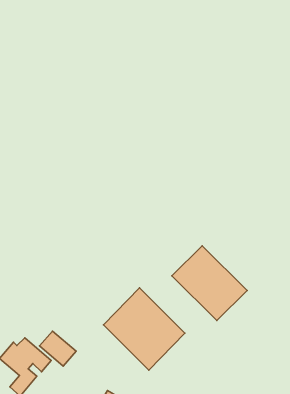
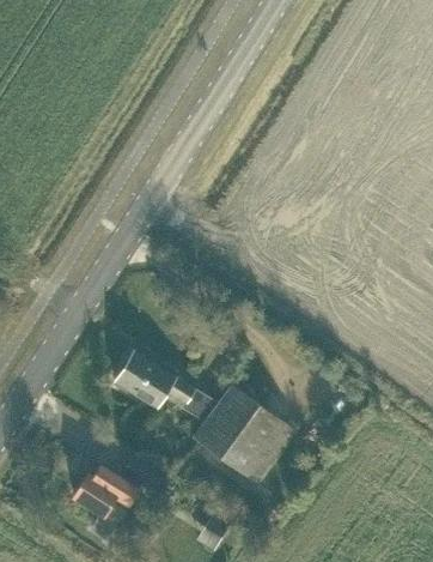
building: [172,246,247,321] -> none
building: none -> [112,353,191,409]

